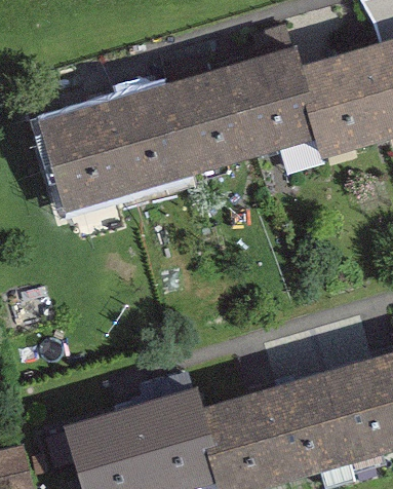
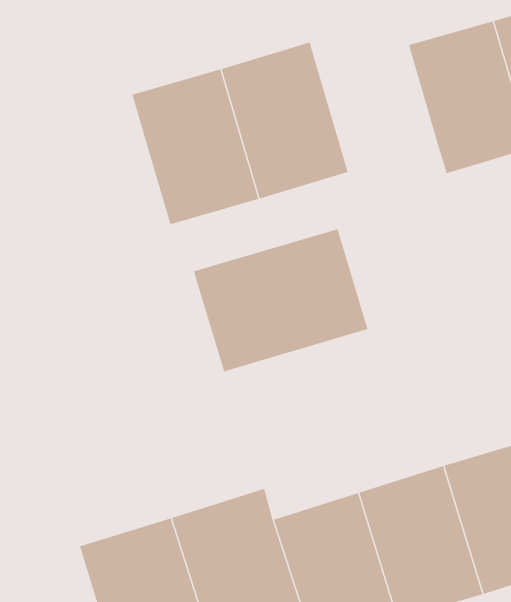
building: [231,45,323,158] -> none
building: [37,102,129,216] -> none
building: none -> [193,229,368,372]

